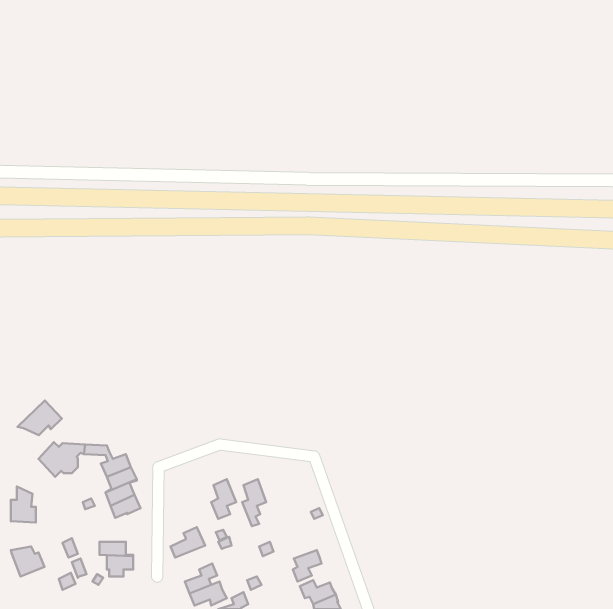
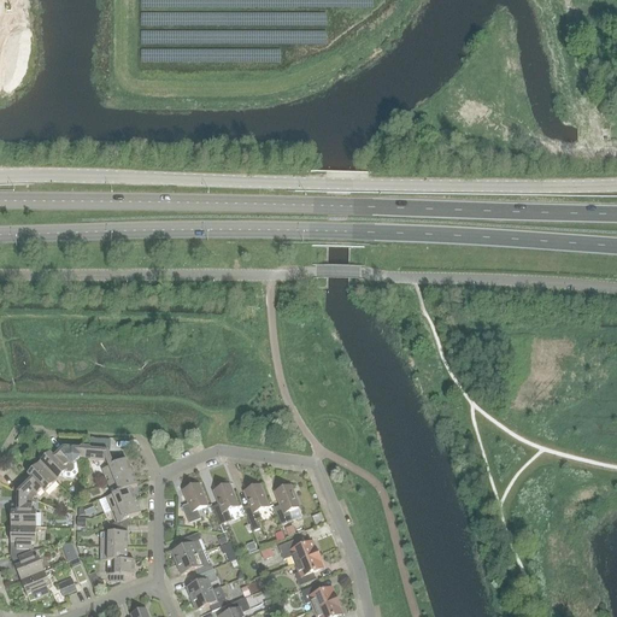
building: [17,400,62,435] -> [11,460,55,495]
building: none -> [182,481,207,519]
building: none -> [274,482,299,522]
building: none -> [100,515,128,543]
building: none -> [11,523,36,552]
building: none -> [278,536,318,560]
building: none -> [176,547,213,571]
building: none -> [20,569,51,599]

